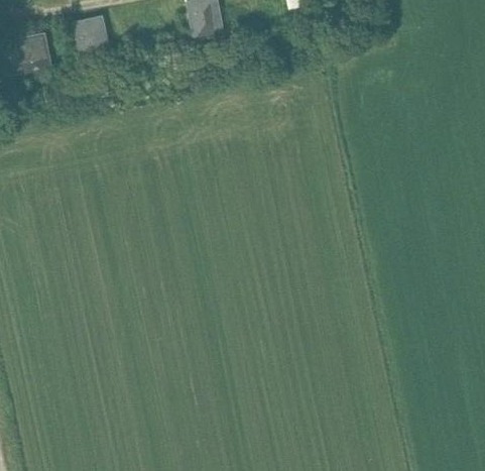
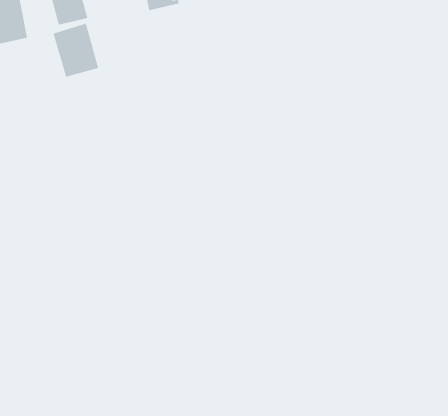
building: none -> [53,23,99,77]

